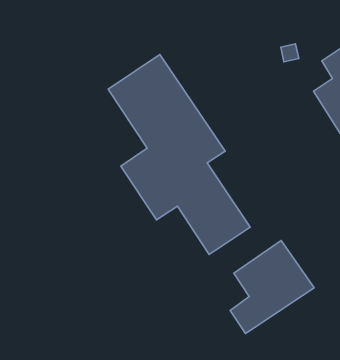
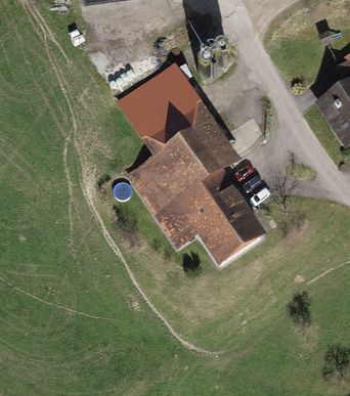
building: [230,240,314,334] -> none

